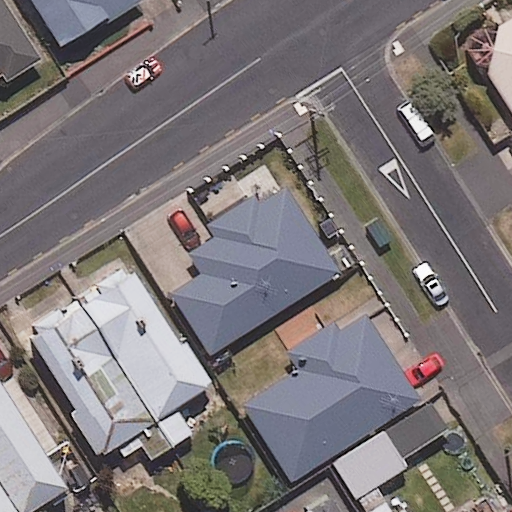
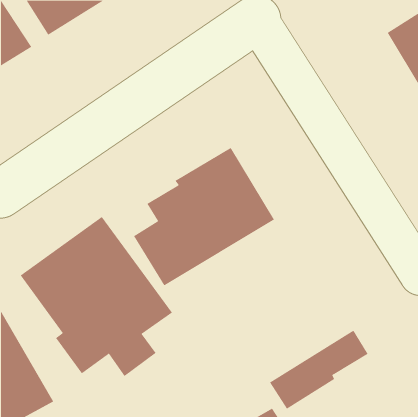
building: [239,310,421,480] -> none

